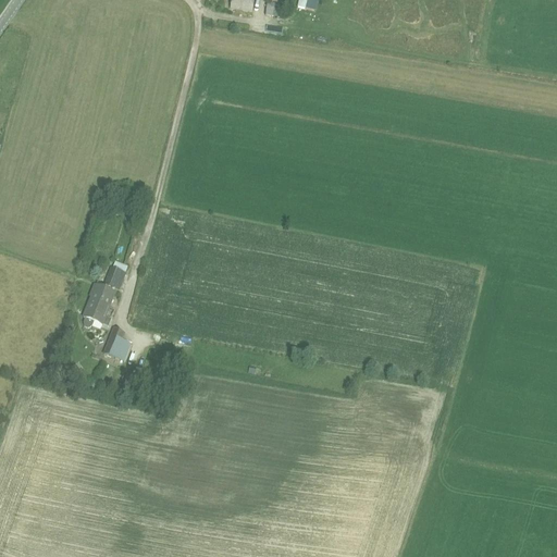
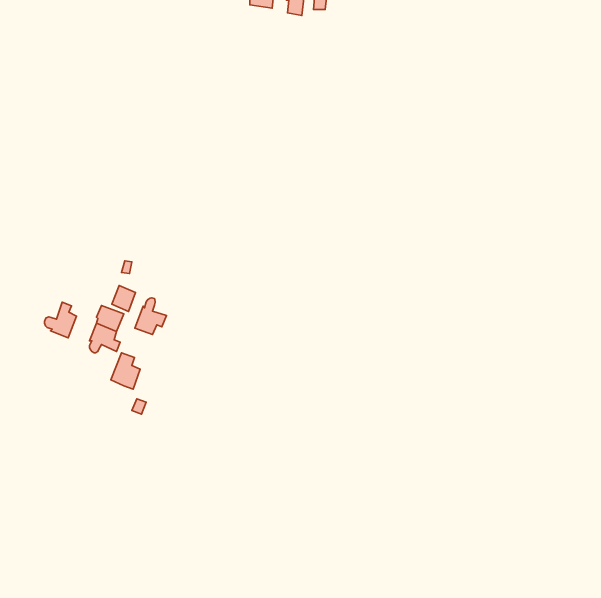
building: none -> [135,298,166,334]
building: none -> [45,302,77,338]

